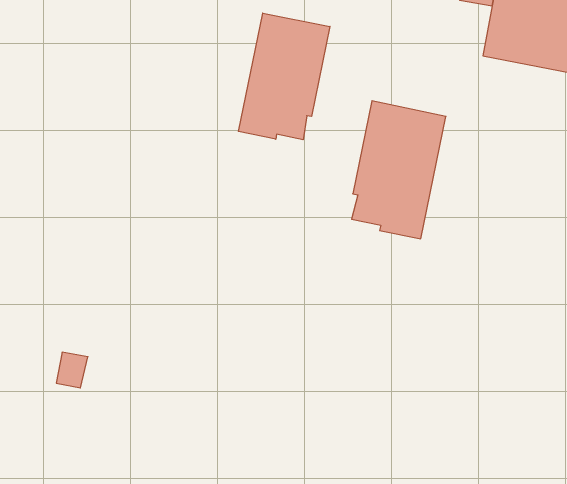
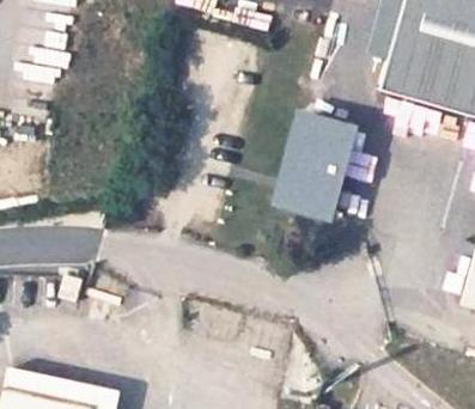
building: [238,13,330,140] -> none

